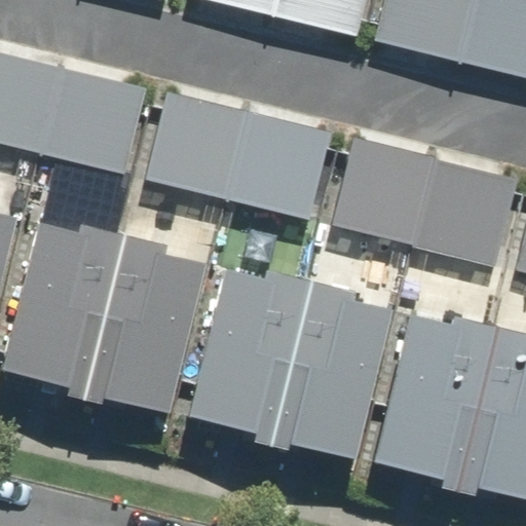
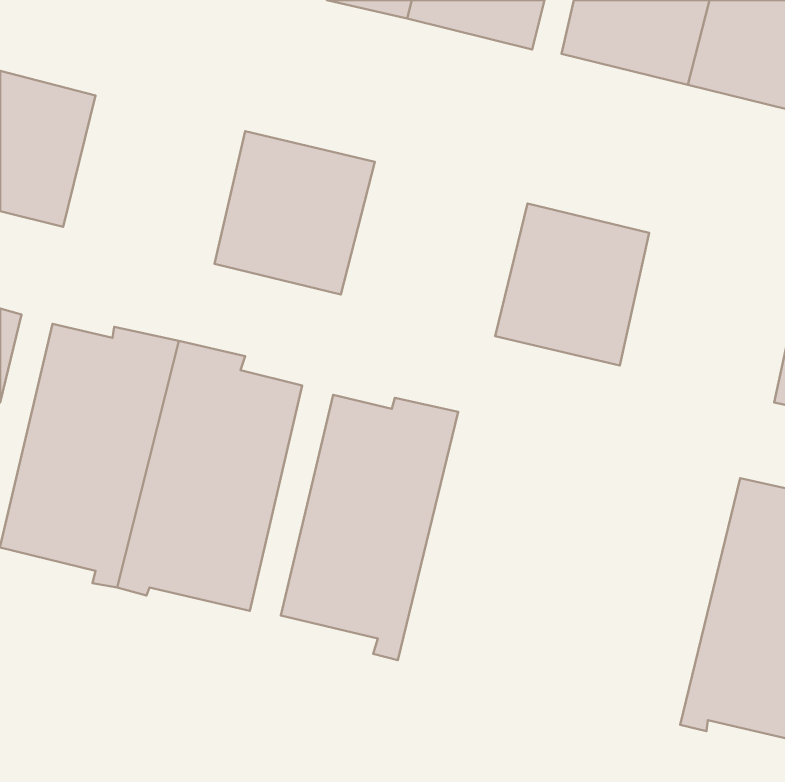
building: [44,68,146,175] -> none
building: [229,112,332,220] -> none
building: [415,159,519,267] -> none
building: [267,278,390,456] -> none
building: [374,311,495,487] -> none

